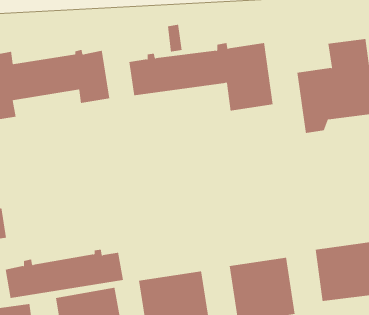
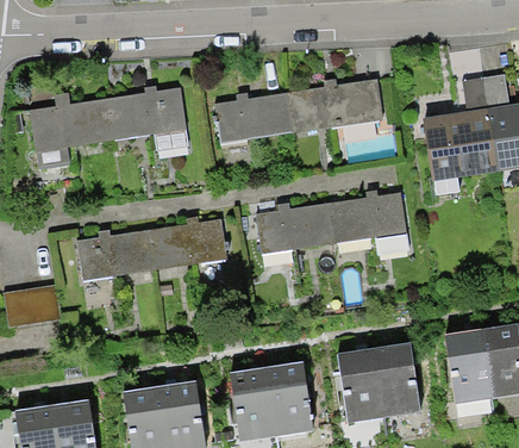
building: none -> [252,192,407,259]
building: [5,249,124,298] -> [75,217,221,278]

